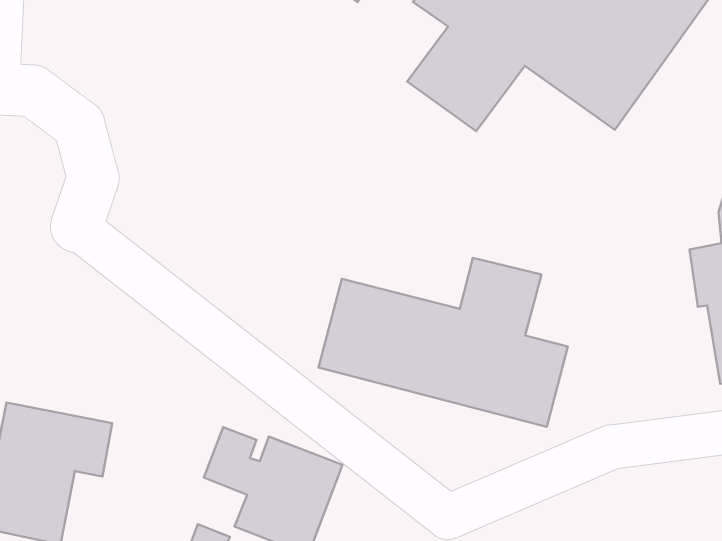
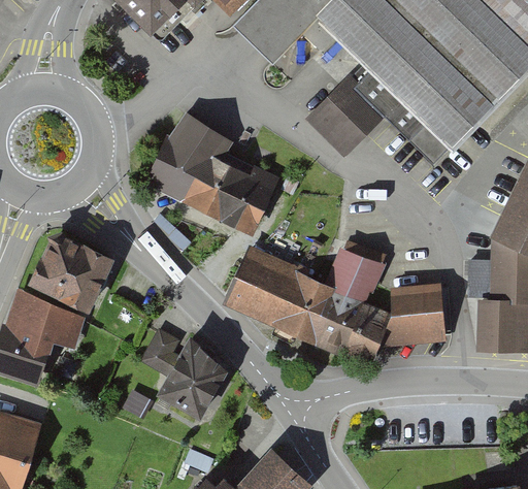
building: none -> [151,118,290,239]
building: none -> [387,284,440,337]
building: none -> [25,230,111,312]

